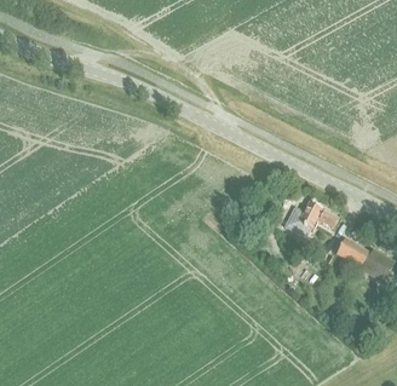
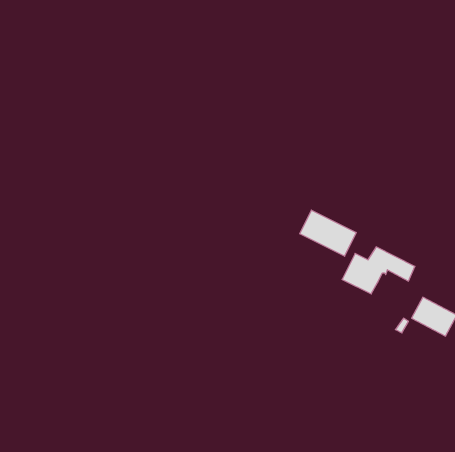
building: none -> [300,210,356,256]

